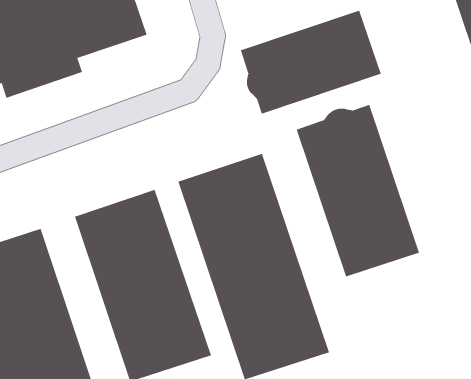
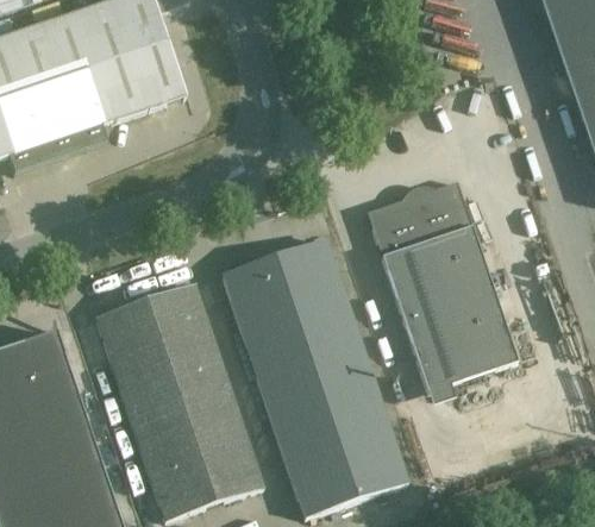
building: [240,10,382,114] -> none

